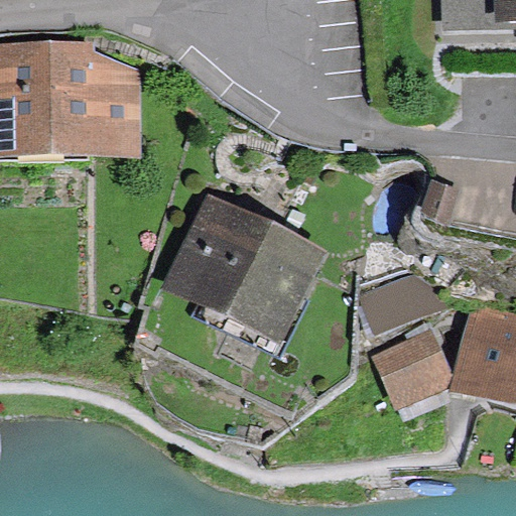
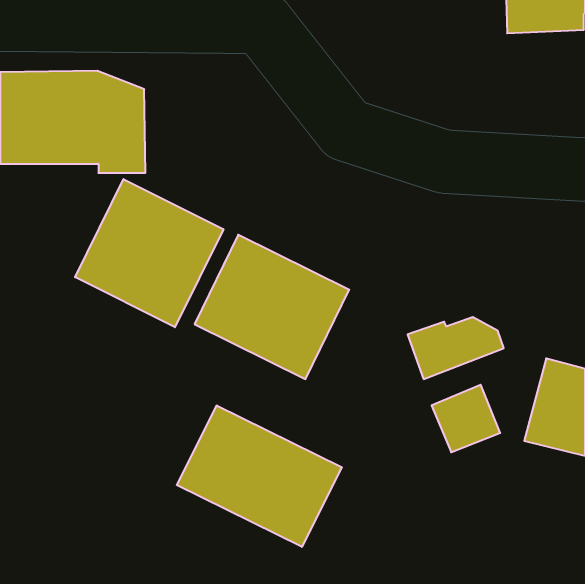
building: none -> [75,179,223,327]
building: none -> [177,405,342,547]

